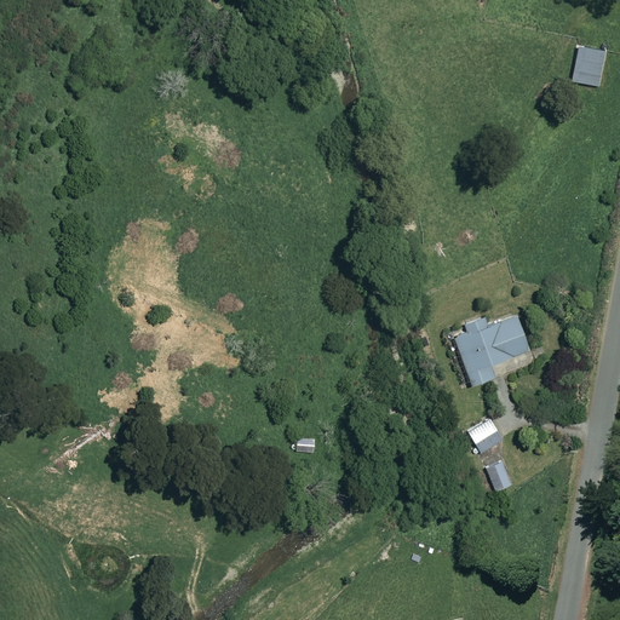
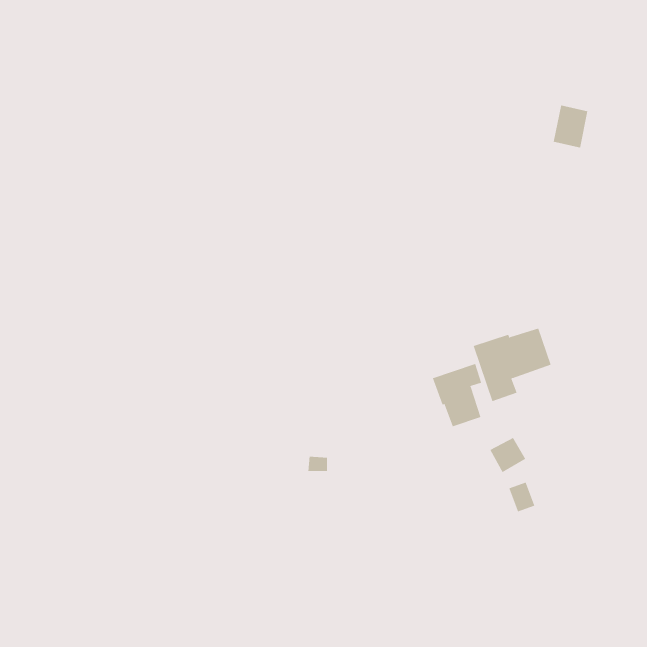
building: [573,46,607,87] -> [553,105,588,148]
building: none -> [432,363,482,427]

